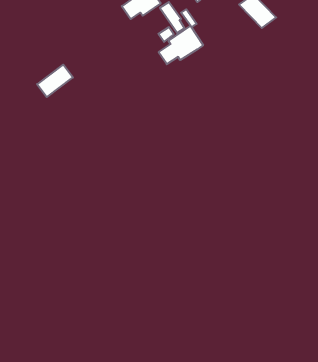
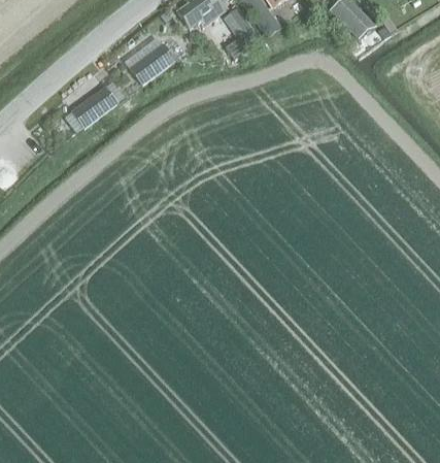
building: [159,26,203,64] -> none
building: none -> [128,41,174,81]

